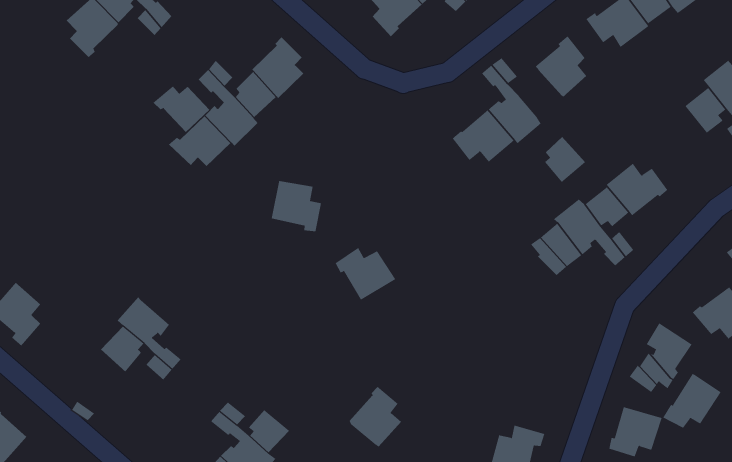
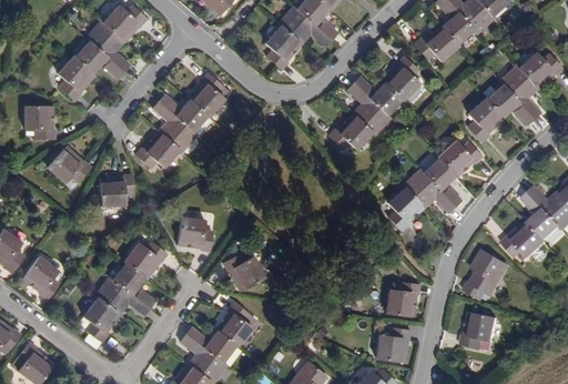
building: none -> [24,105,54,139]
building: [152,85,210,133] -> none
building: none -> [469,97,507,141]
building: none -> [45,149,89,190]
building: [544,136,586,183] -> [374,81,403,113]
building: none -> [99,176,132,206]
building: [271,180,322,232] -> [176,218,211,251]
building: [335,247,396,301] -> [219,252,262,289]
building: none -> [124,242,166,277]
building: none -> [81,297,119,341]
building: none -> [384,284,419,319]
building: [662,373,722,429] -> none
building: [349,386,402,447] -> [214,303,251,345]

